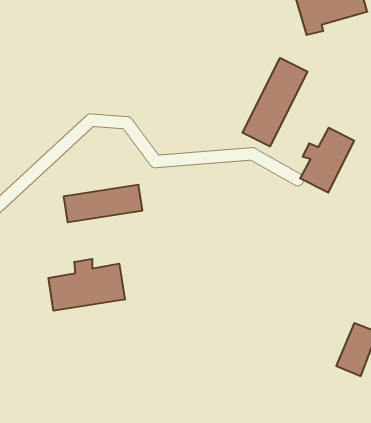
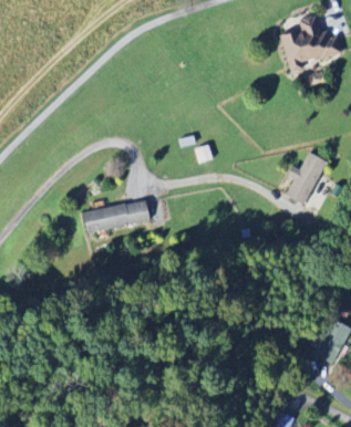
building: [243,58,307,146] -> none
building: [48,259,125,311] -> none

